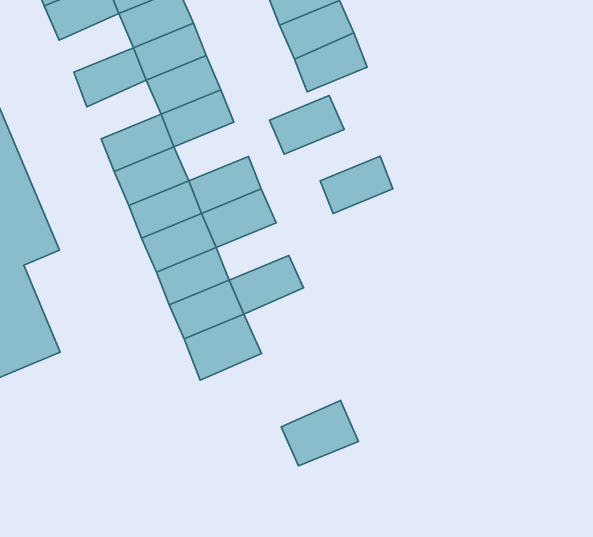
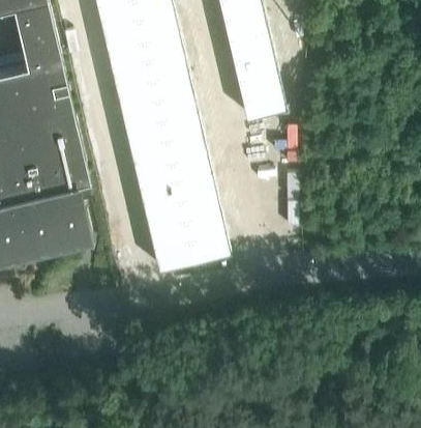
building: none -> [111,57,152,86]
building: none -> [120,97,161,126]
building: [269,95,344,154] -> [166,130,207,159]
building: [320,156,393,213] -> [180,191,220,219]
building: [281,400,358,466] -> [189,230,232,263]

